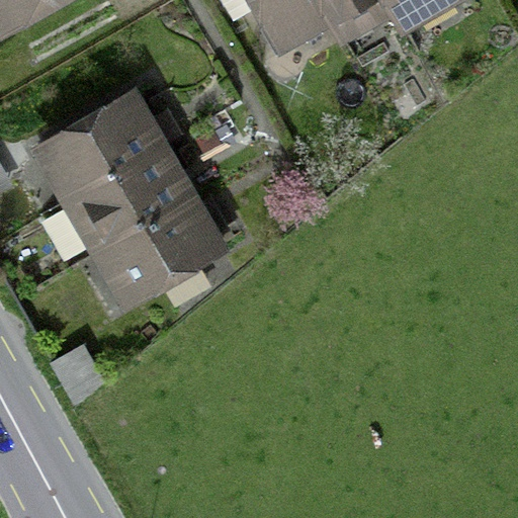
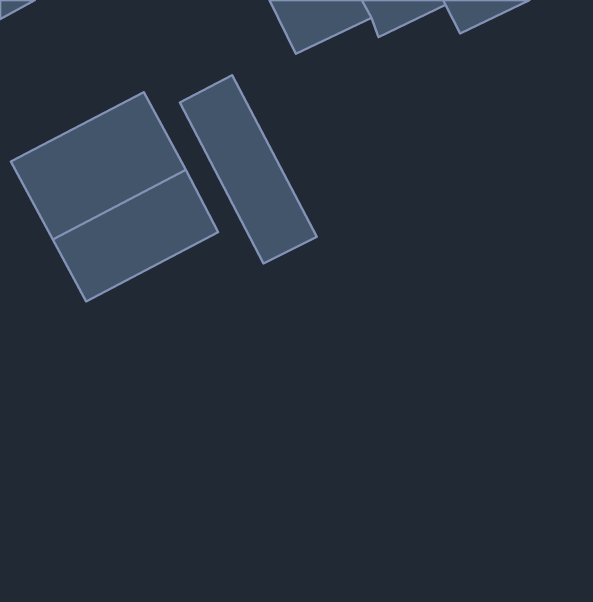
building: none -> [180,75,317,264]
building: [89,204,225,309] -> none

